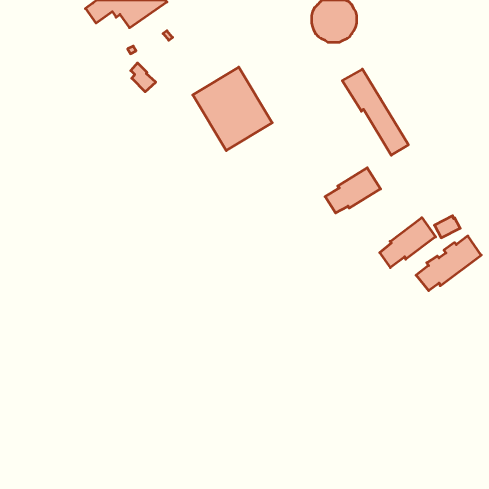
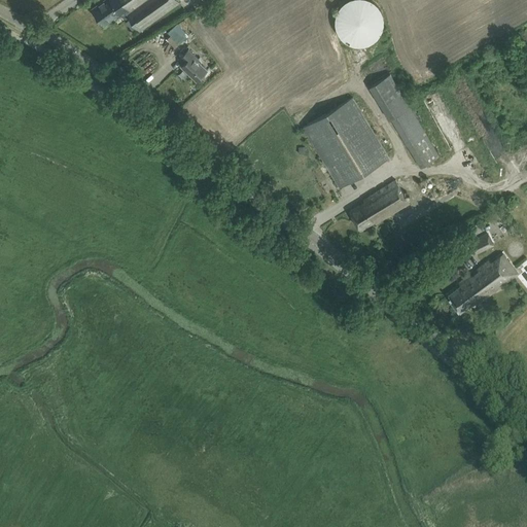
building: [131,63,156,92] -> [180,50,207,81]
building: [193,67,272,151] -> [303,99,388,188]
building: [380,218,436,268] -> none

